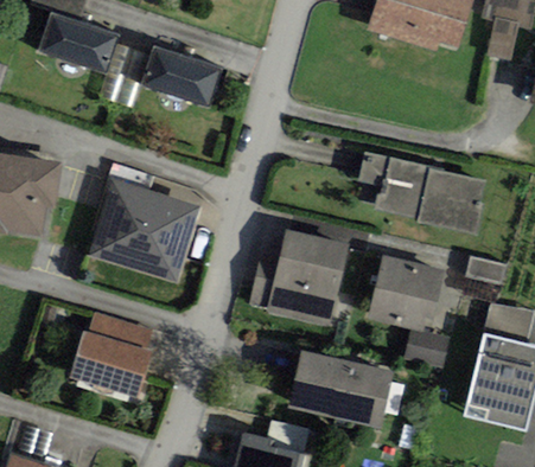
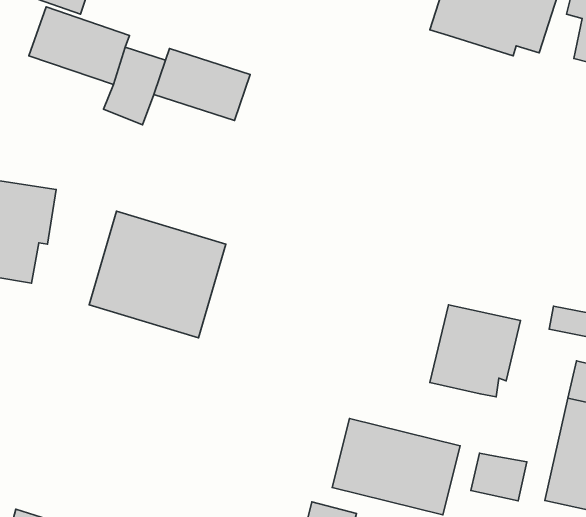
building: [355,152,488,233] -> none
building: [249,230,348,327] -> none
building: [69,313,152,398] -> none
building: [402,330,448,369] -> [471,453,527,501]

